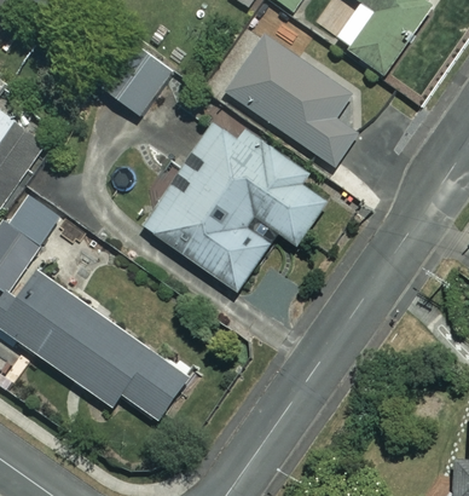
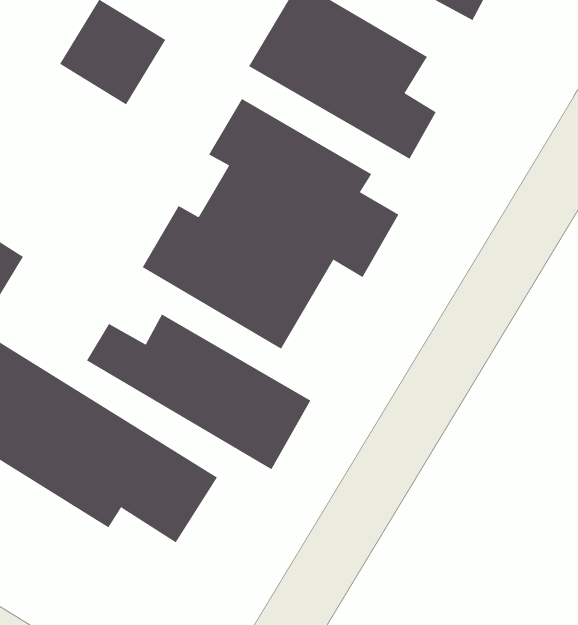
building: none -> [86,313,311,470]

